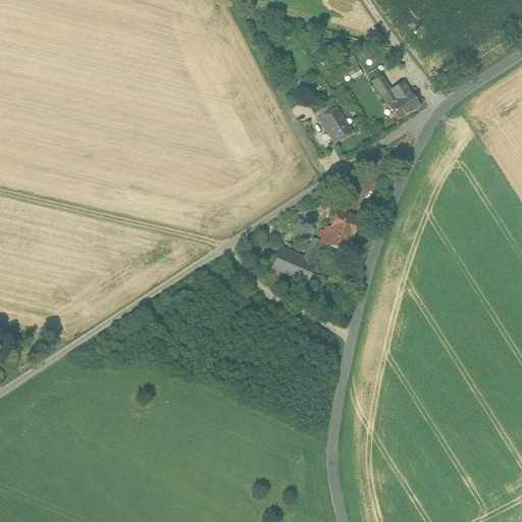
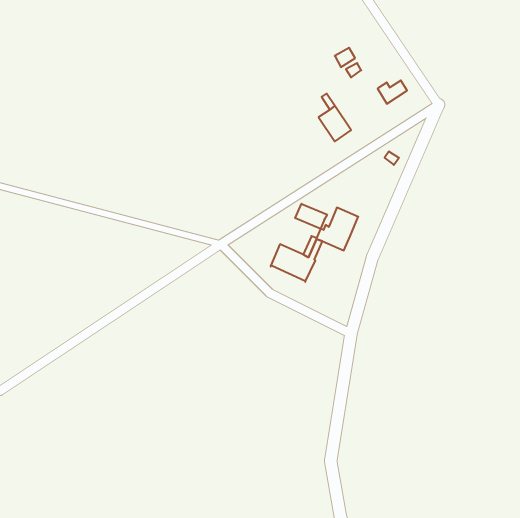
building: [387,90,419,118] -> none
building: none -> [295,204,327,229]

